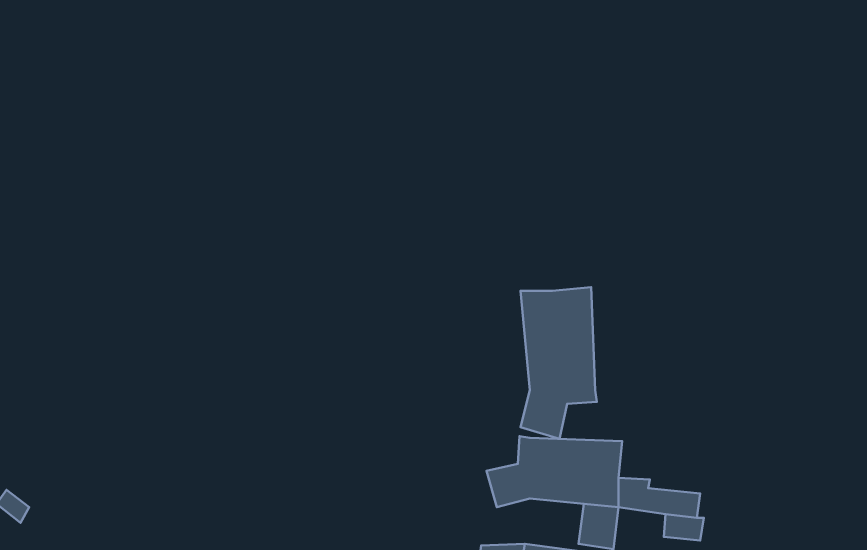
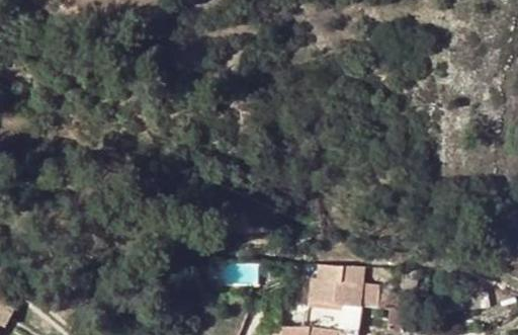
building: [521,287,597,439] -> none

